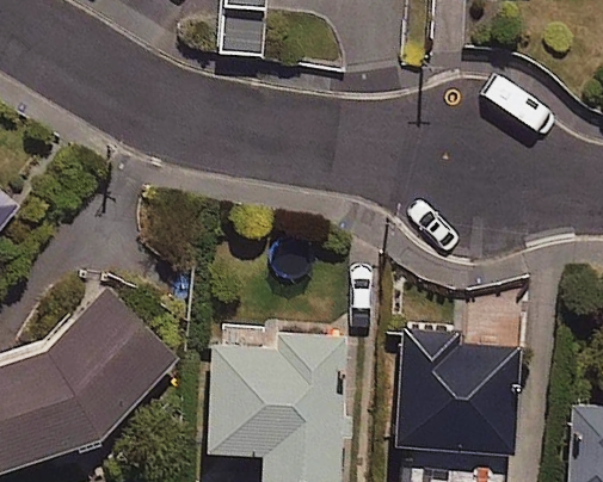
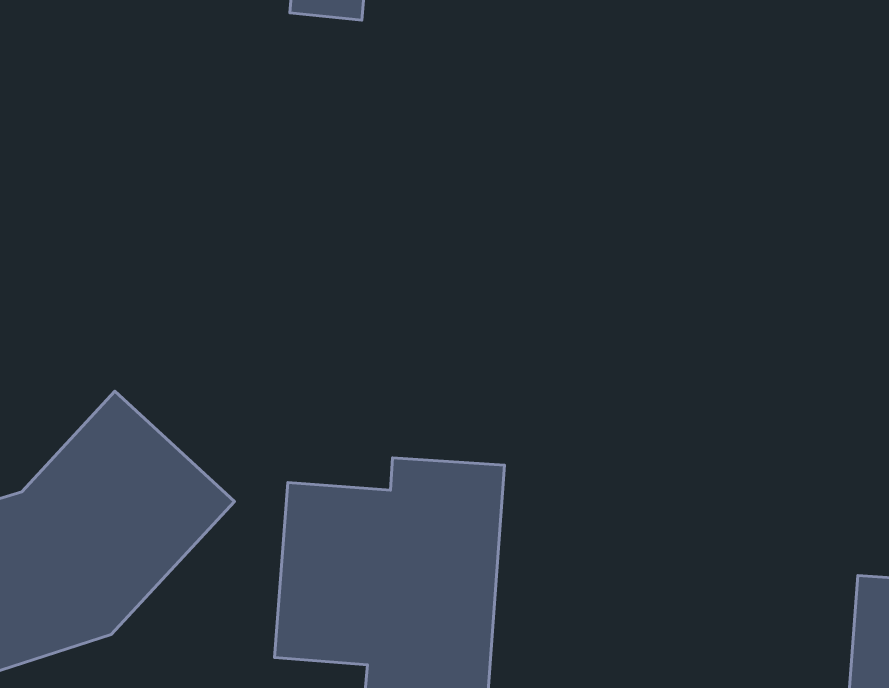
building: [396,325,524,461] -> none

